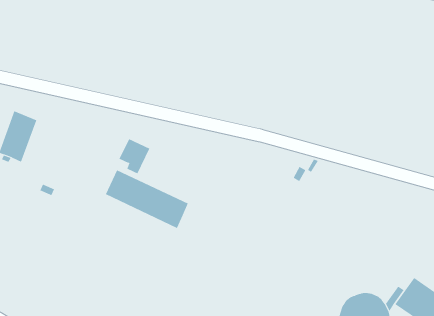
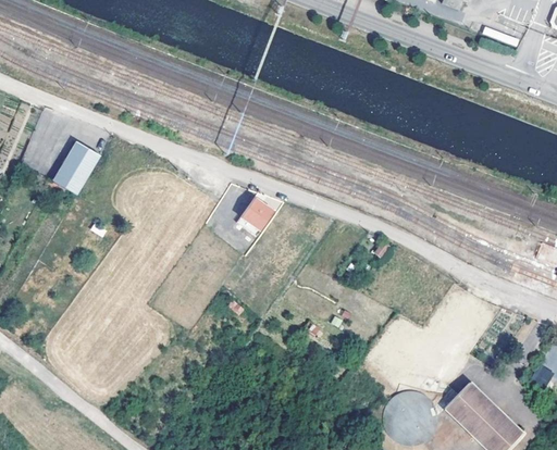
building: [119,138,150,174] -> [239,193,274,233]
building: [105,170,189,229] -> none

